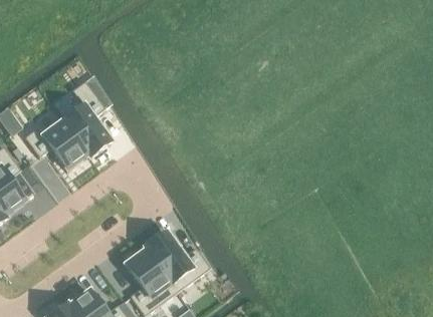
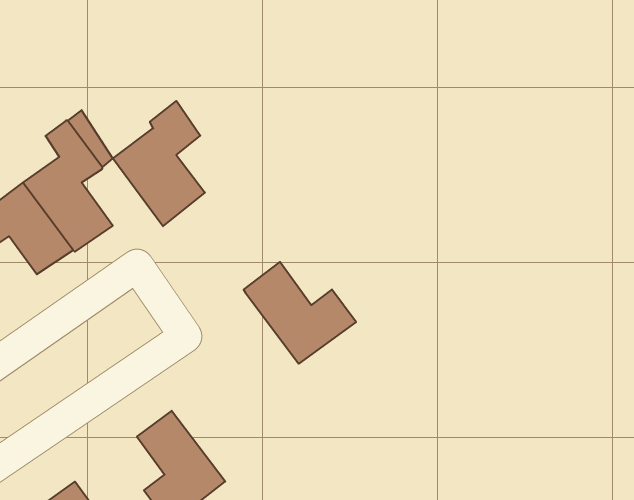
building: none -> [113,101,205,226]
building: [144,230,209,289] -> [244,262,356,364]

